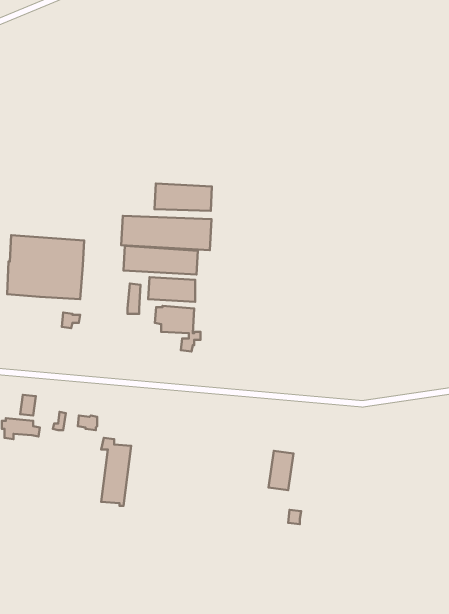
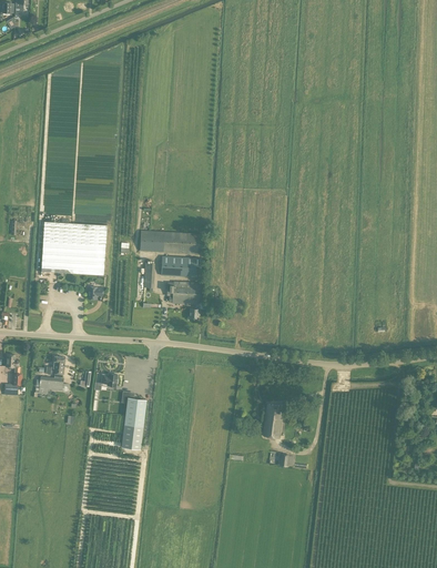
building: [154,184,212,211] -> none
building: [121,216,212,250] -> none

